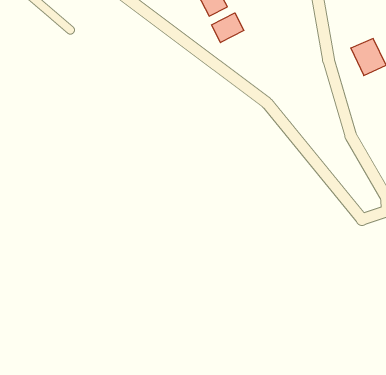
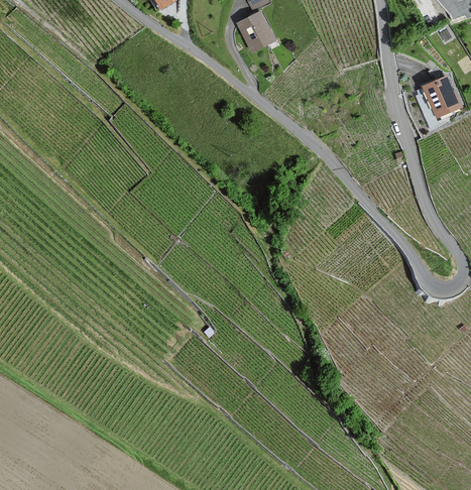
building: [212,13,244,43] -> none

